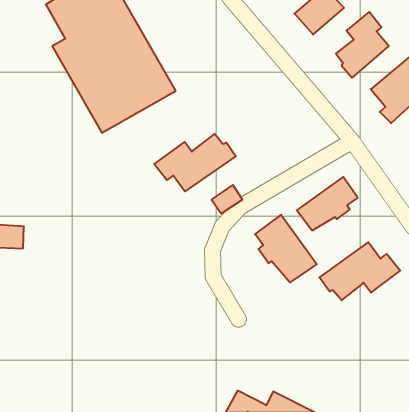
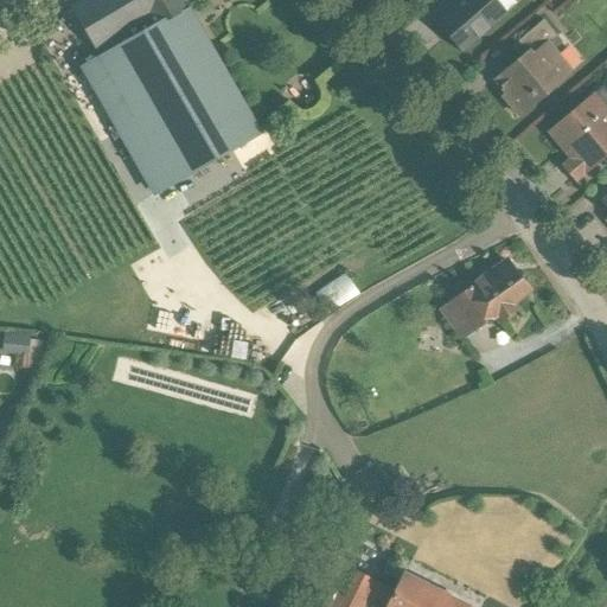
building: [154,134,236,191] -> none
building: [255,215,317,282] -> none
building: [319,242,400,300] -> none

